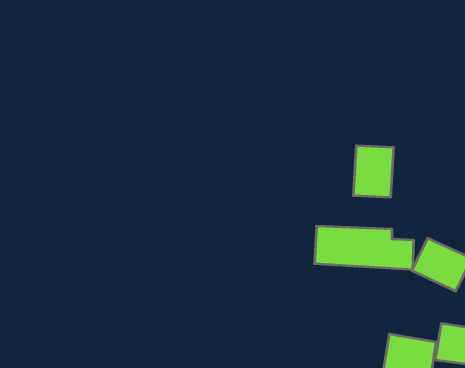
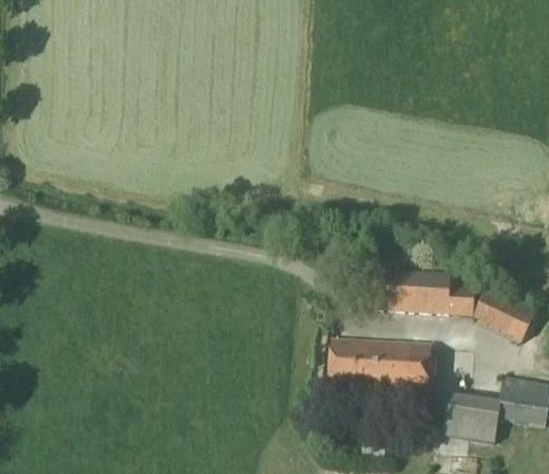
building: [354,146,393,197] -> none
building: none -> [327,337,435,398]

